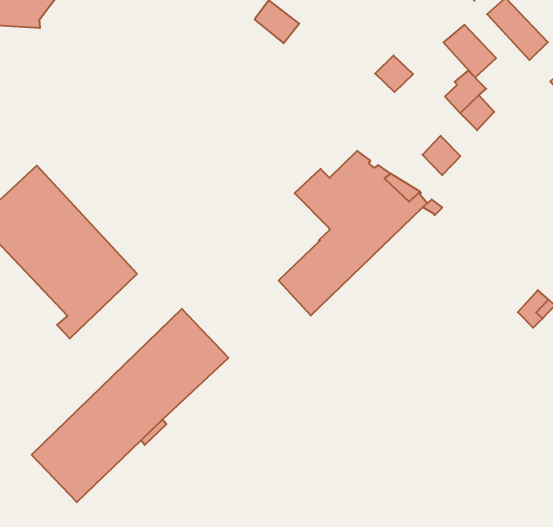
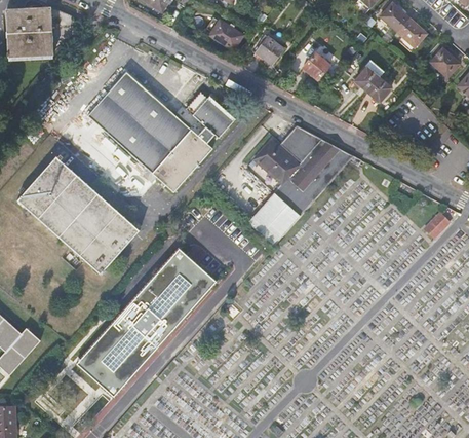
building: [443,25,496,77] -> none
building: none -> [257,34,285,64]
building: none -> [86,72,236,193]
building: [422,136,460,175] -> none

